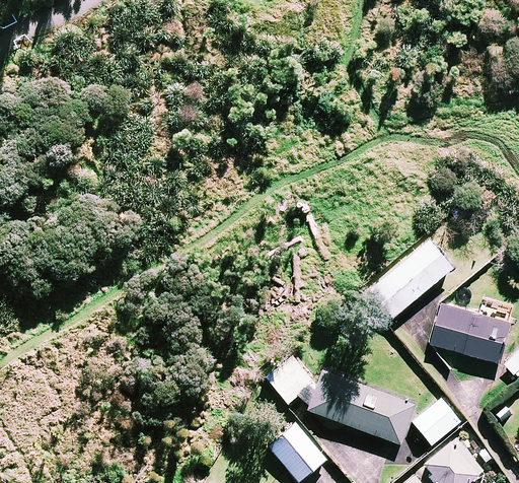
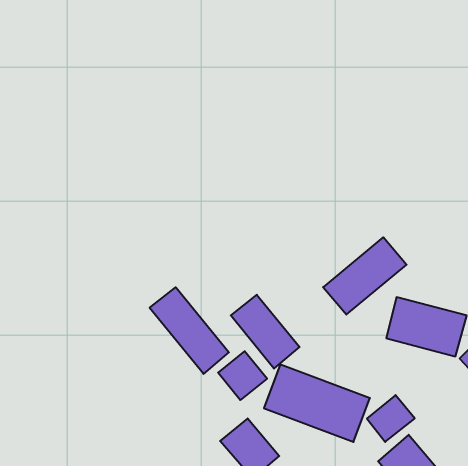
building: none -> [150,287,229,374]
building: none -> [231,295,300,369]

